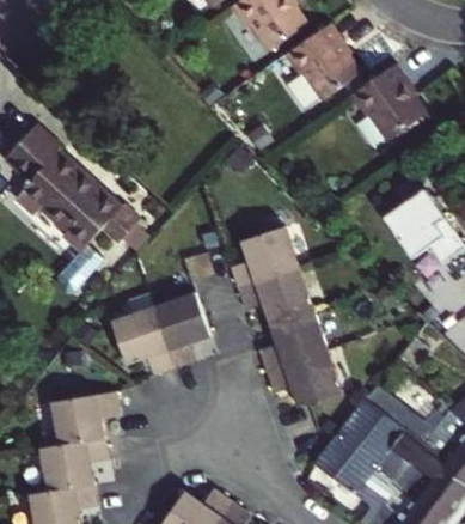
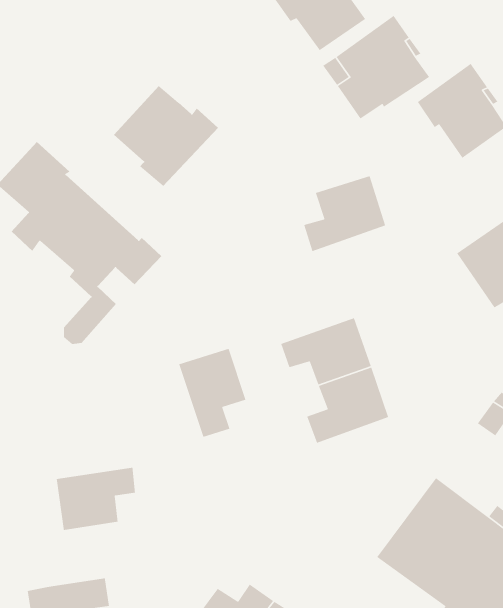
building: none -> [113,85,219,187]
building: [230,226,298,290] -> [303,175,386,252]
building: [110,306,173,374] -> none
building: [267,351,341,408] -> none
building: [41,437,108,489] -> none

